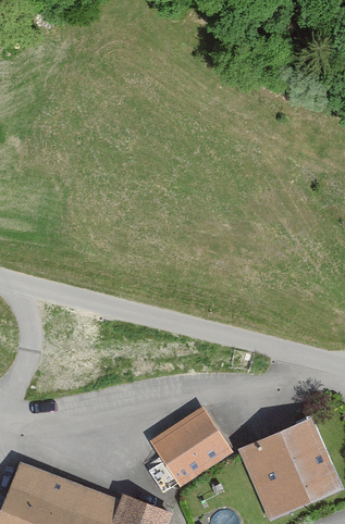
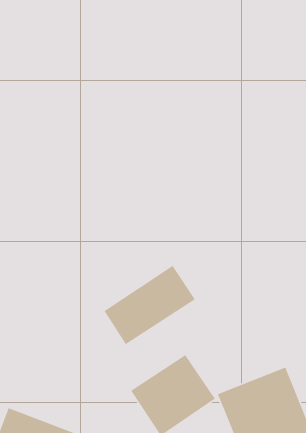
building: none -> [103,265,196,345]

